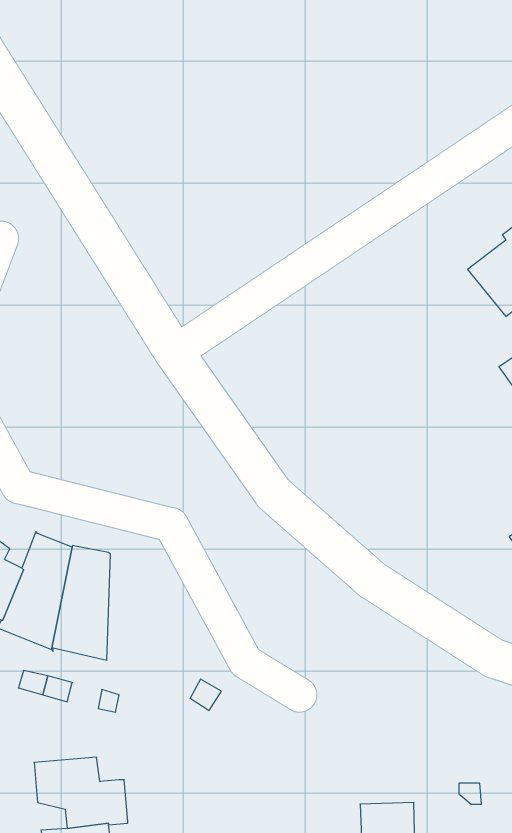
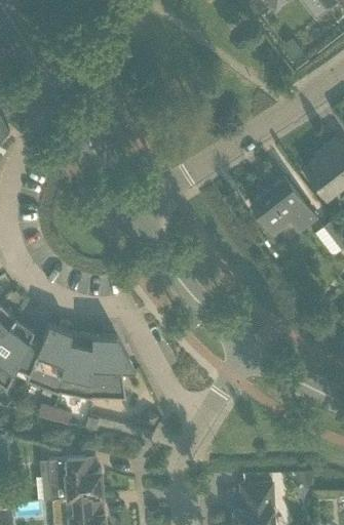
building: none -> [252,178,317,233]
building: none -> [91,335,136,399]

